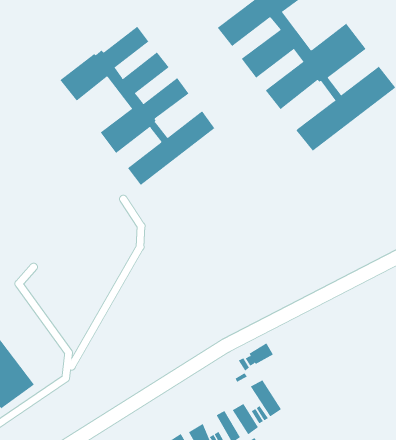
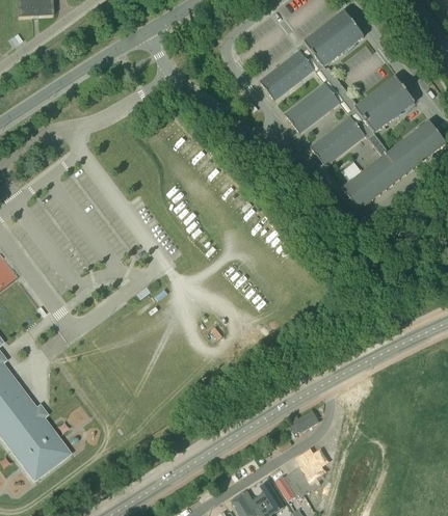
building: [59,26,215,186] -> none

